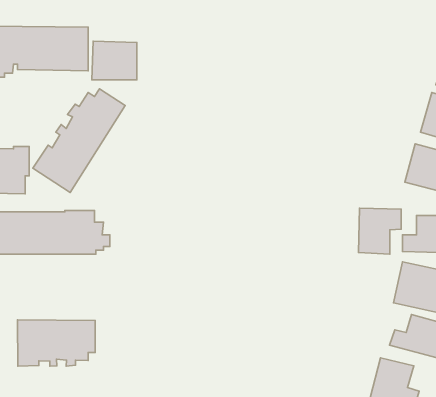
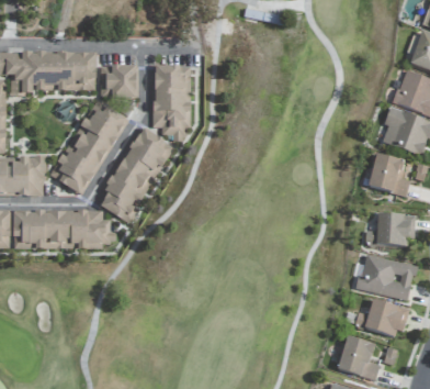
building: none -> [152,65,191,140]
building: none -> [99,127,173,222]
building: [358,208,401,254] -> none
building: [18,320,95,366] -> none

